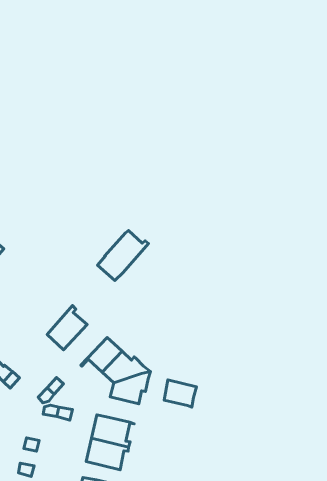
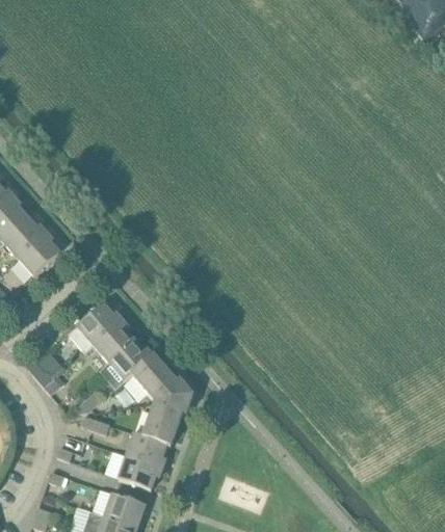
building: [97,231,148,281] -> [69,301,123,350]
building: none -> [100,338,154,387]
building: [164,380,196,407] -> [143,414,178,444]

